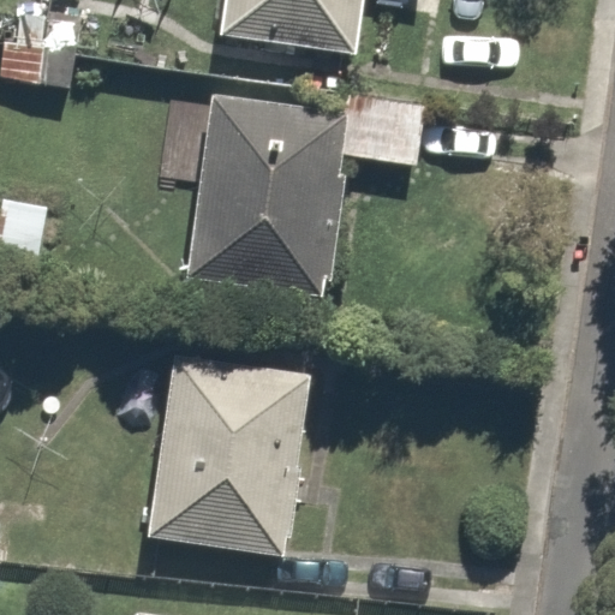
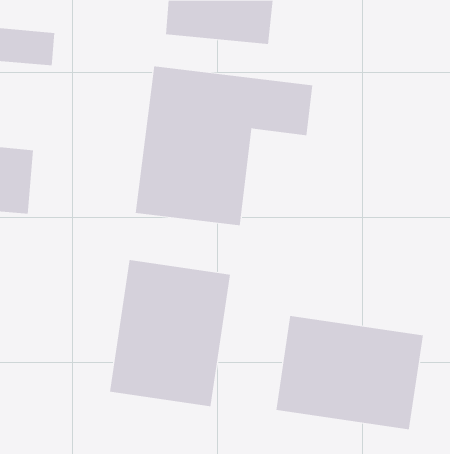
building: none -> [276,315,423,430]

